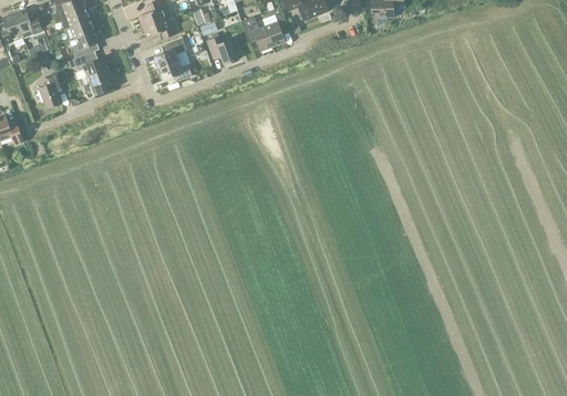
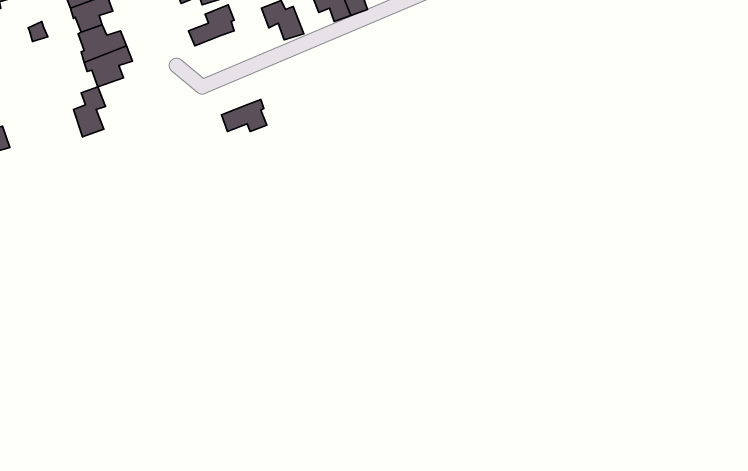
building: [158,55,192,79] -> [221,100,267,131]
building: [40,71,63,107] -> [74,87,105,137]

